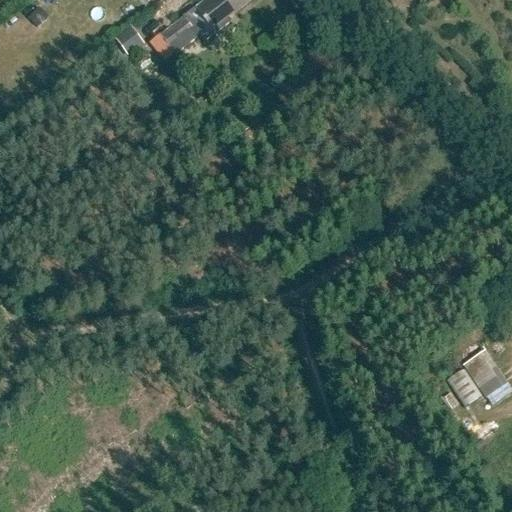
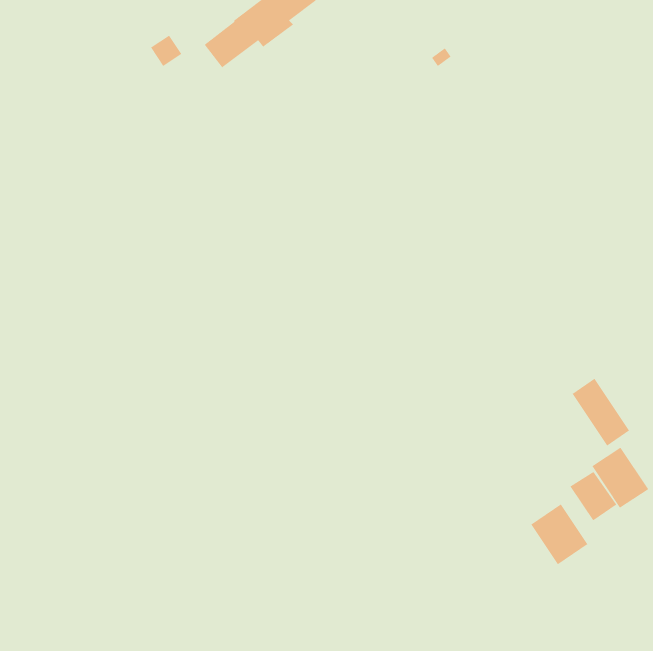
building: none -> [572,378,630,447]
building: none -> [530,504,588,565]

